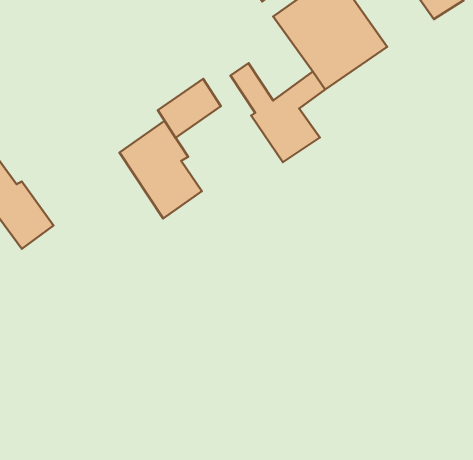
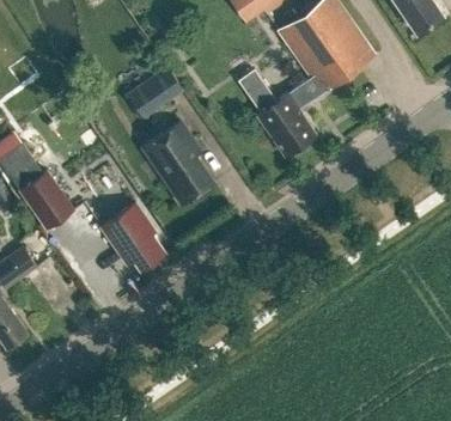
building: [158,79,221,138] -> [128,67,183,118]
building: none -> [100,203,165,270]

